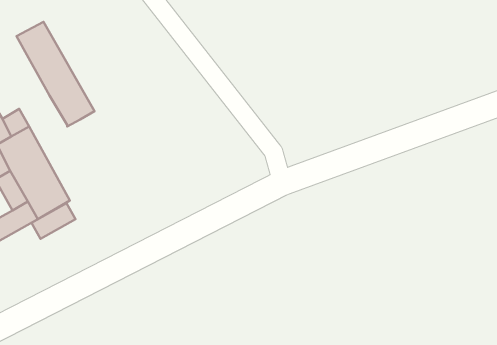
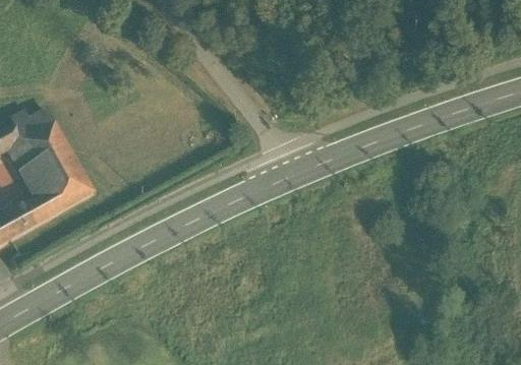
building: [16,22,95,126] -> none
building: [31,203,76,239] -> none

